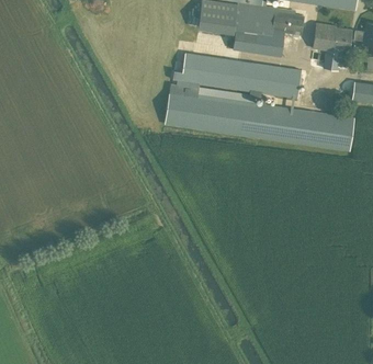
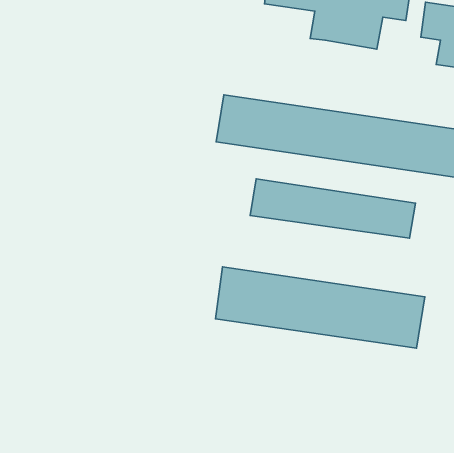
building: [182,54,302,96] -> [250,179,416,238]
building: none -> [215,267,425,348]

